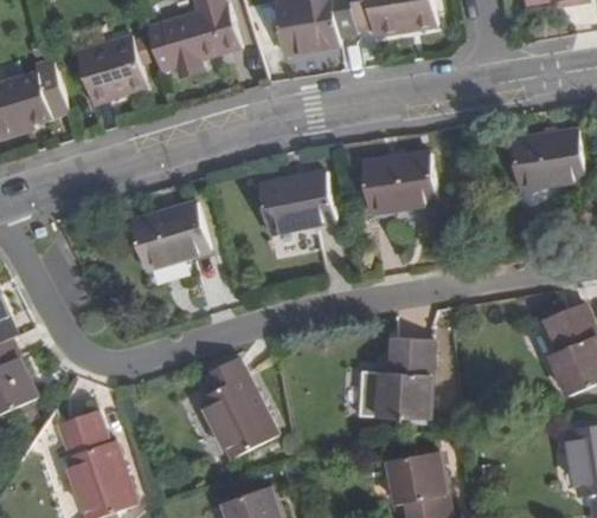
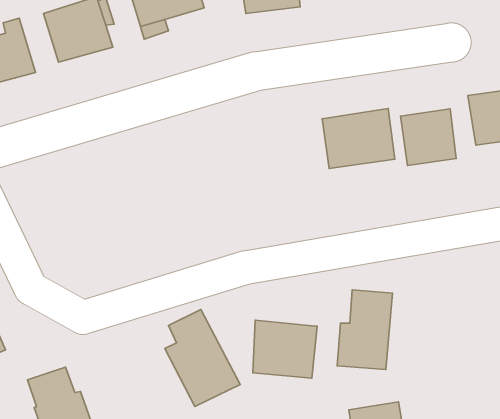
building: none -> [400,109,456,166]
building: [257,169,333,234] -> none
building: [129,202,208,270] -> none
building: none -> [253,320,317,378]

